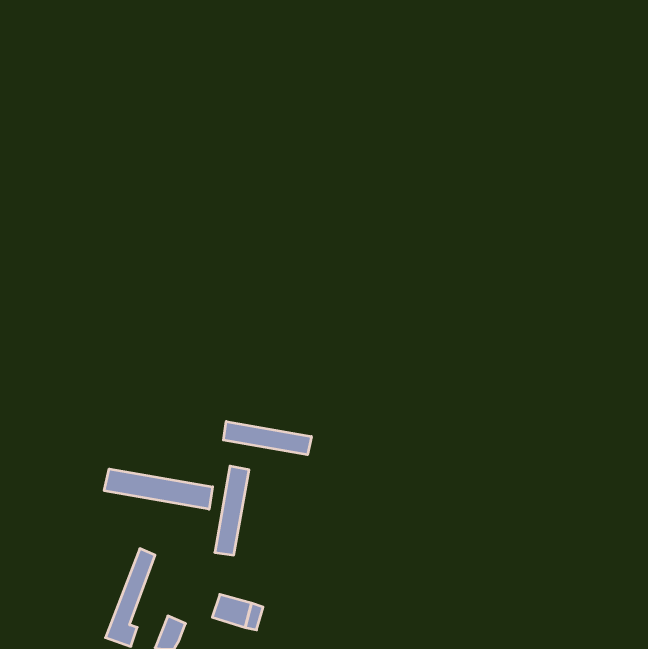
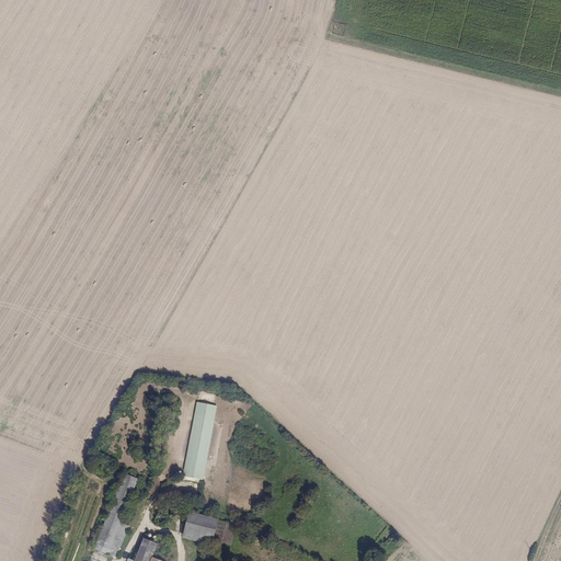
building: [223,421,311,455] -> none
building: [104,469,213,509] -> none

